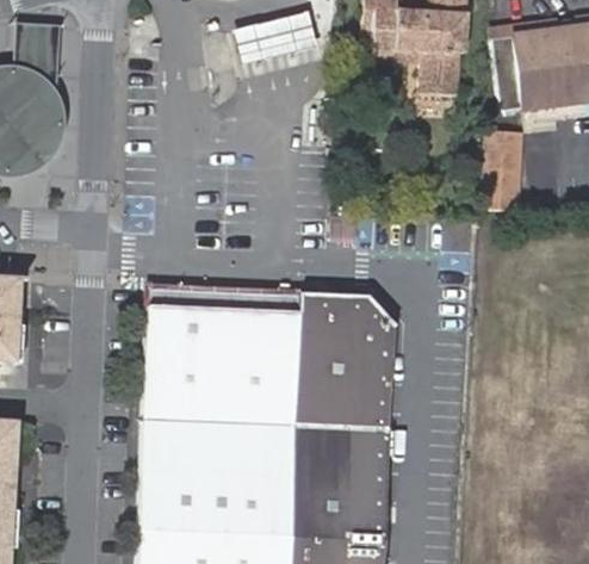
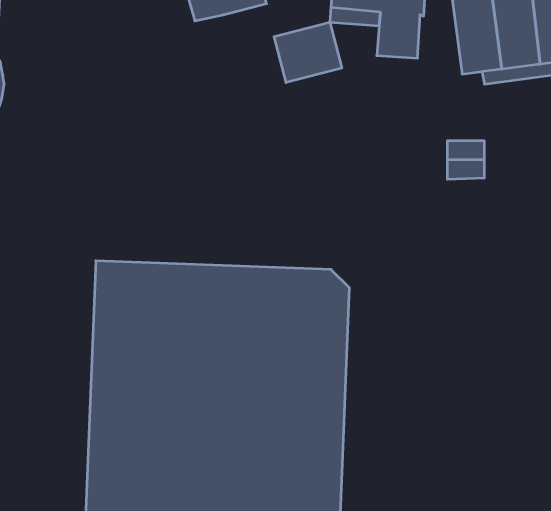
building: none -> [274,22,342,83]
building: [486,135,522,175] -> none

